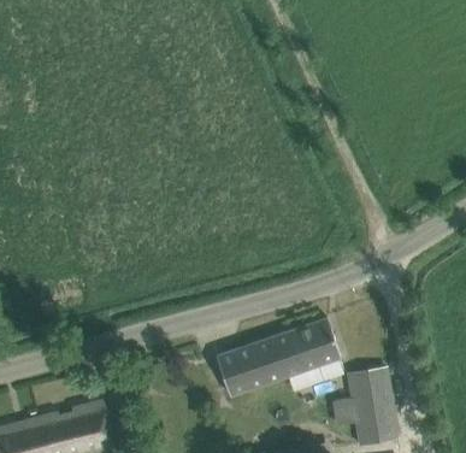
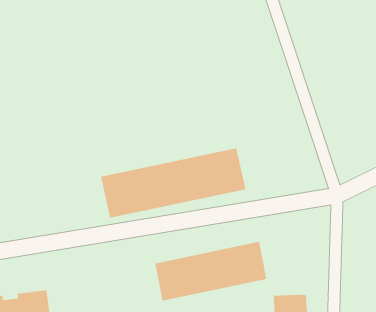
building: none -> [100,147,246,219]

